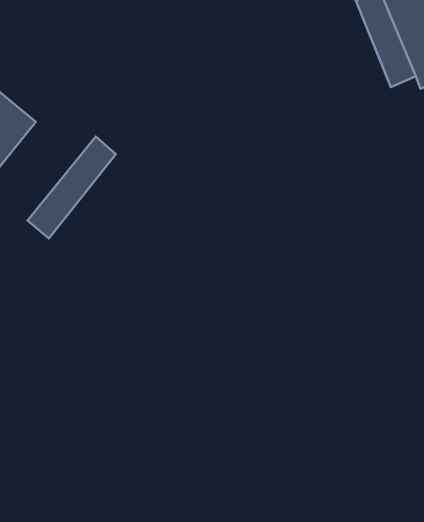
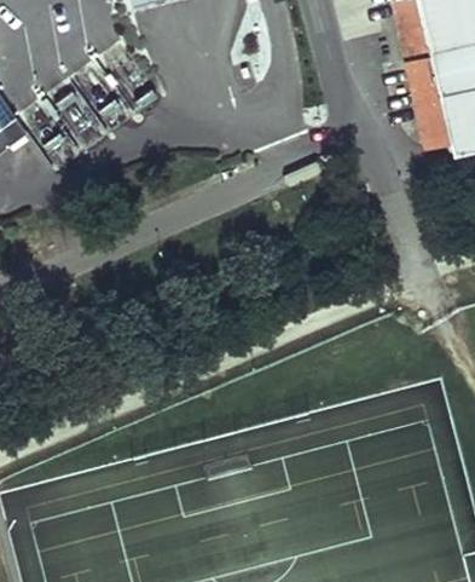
building: [27,137,116,239] -> none

